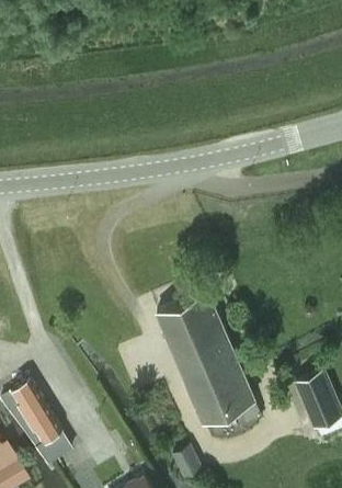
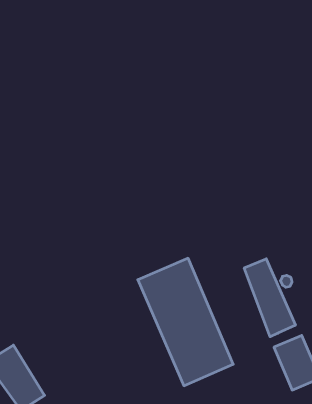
building: none -> [244,259,295,337]

